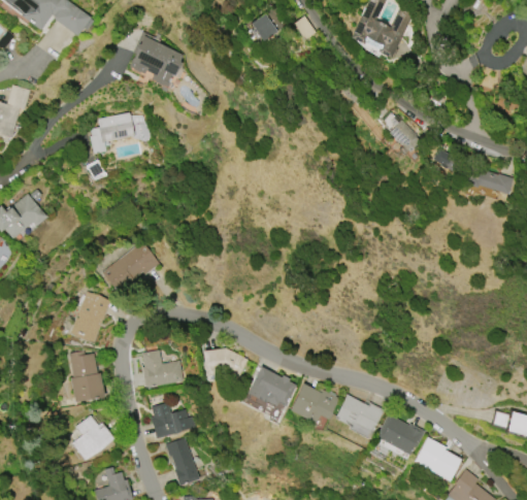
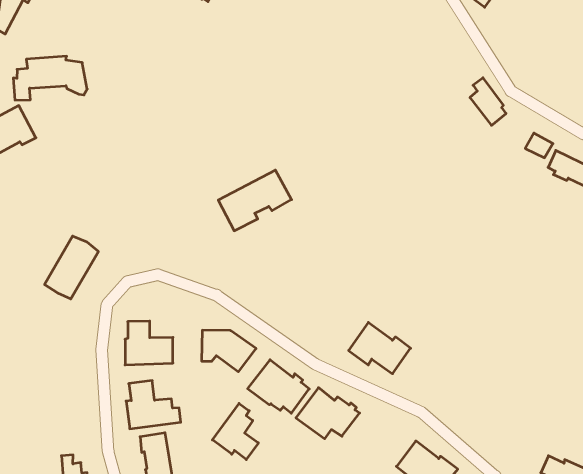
building: [91,112,152,154] -> [13,56,87,100]
building: [102,242,161,296] -> [218,170,292,231]
building: [70,349,104,402] -> none
building: [334,395,384,433] -> [349,322,411,374]
building: none -> [212,403,258,460]
building: [71,415,114,461] -> none

